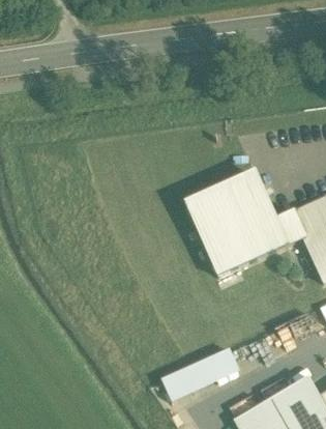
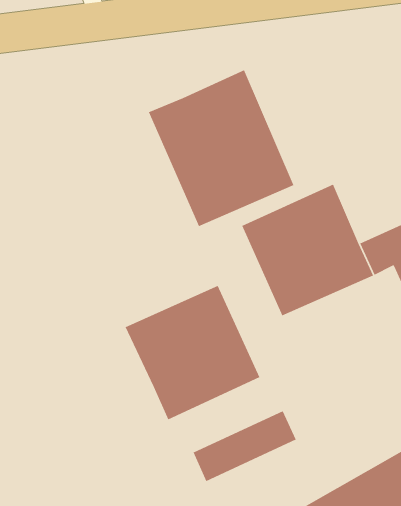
building: none -> [148,69,294,227]
building: none -> [125,285,261,421]

